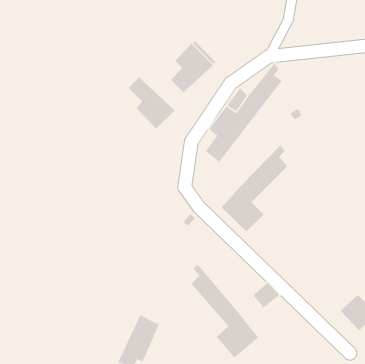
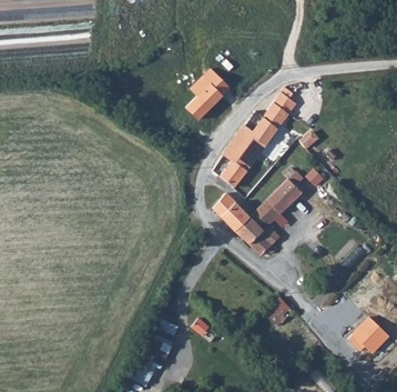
building: [128,76,175,130] -> none
building: none -> [212,195,246,231]
building: [191,263,259,358] -> none

